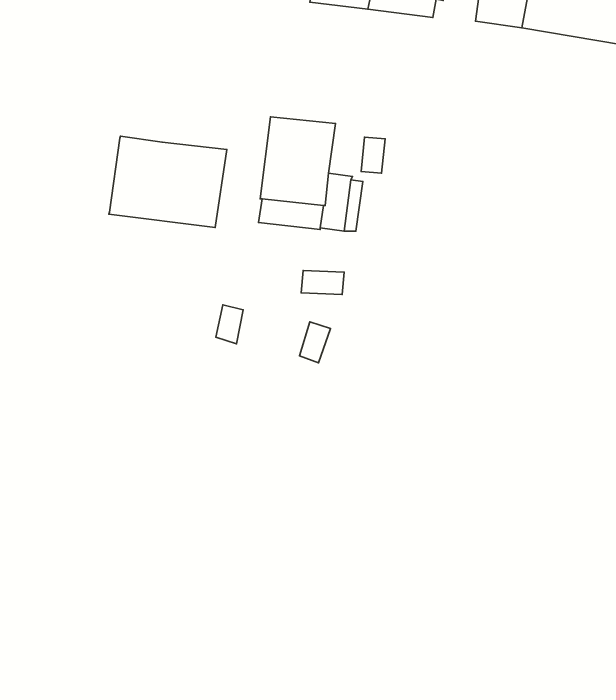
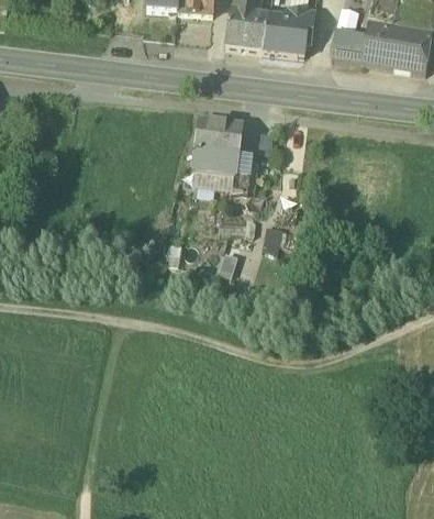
building: [109,136,227,228] -> none

